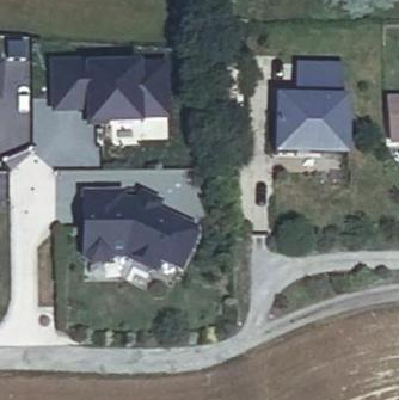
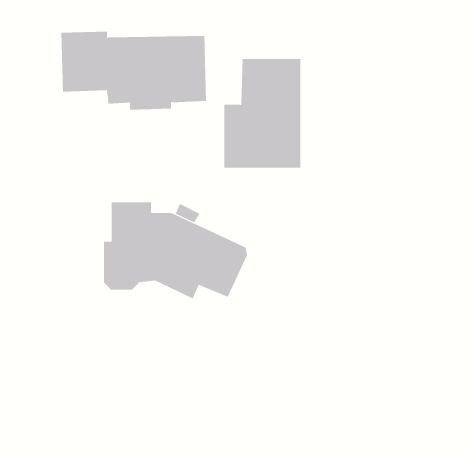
building: [282,66,343,152] -> [224,59,301,168]

